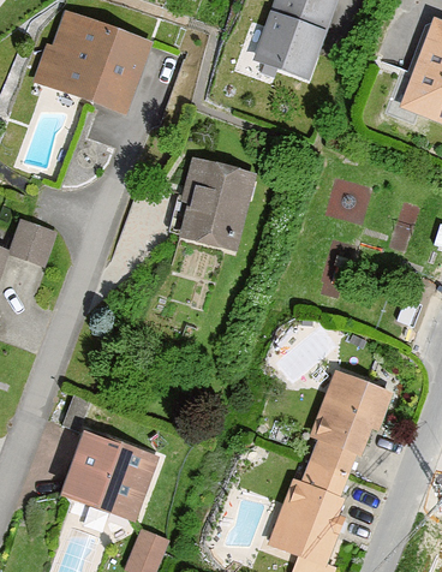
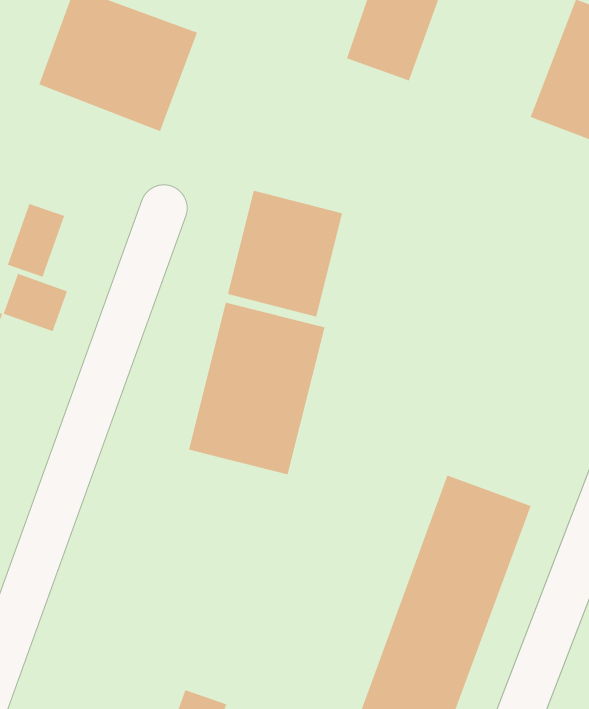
building: none -> [7,203,65,278]
building: none -> [188,302,325,475]
building: [54,428,157,520] -> none

